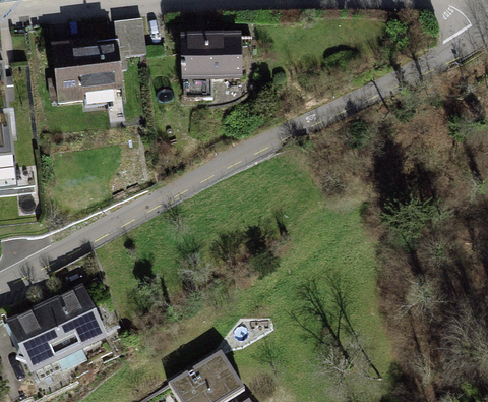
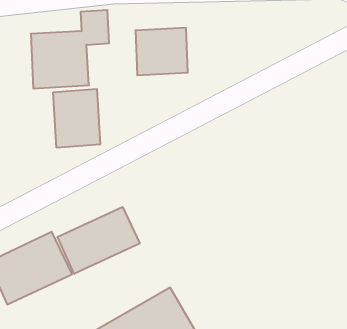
building: none -> [53,89,100,148]
building: none -> [57,207,140,274]

